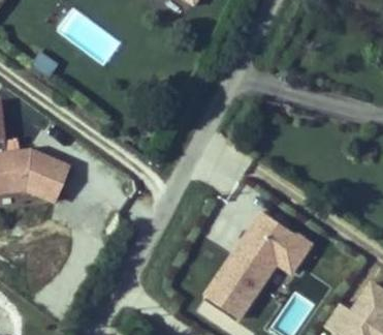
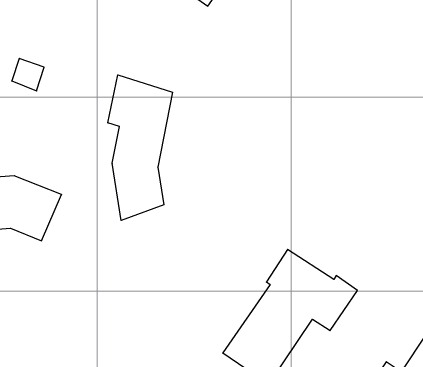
building: none -> [108,75,172,220]

